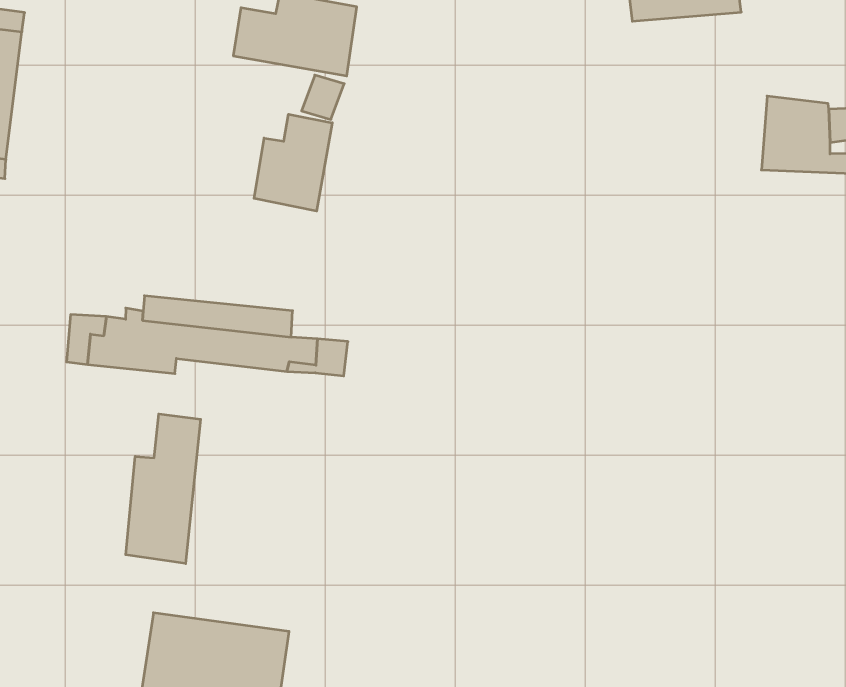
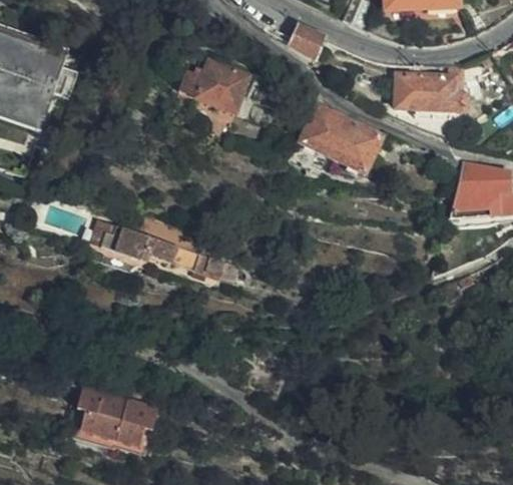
building: none -> [301,108,383,174]
building: [254,114,332,211] -> none
building: [126,414,201,564] -> none

